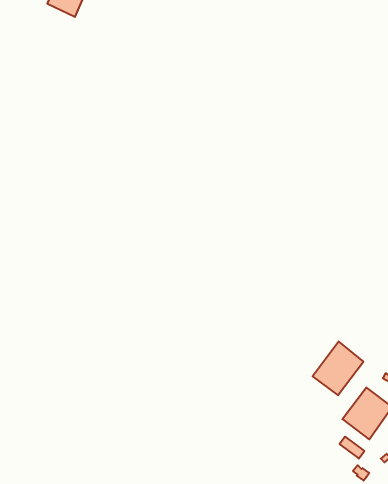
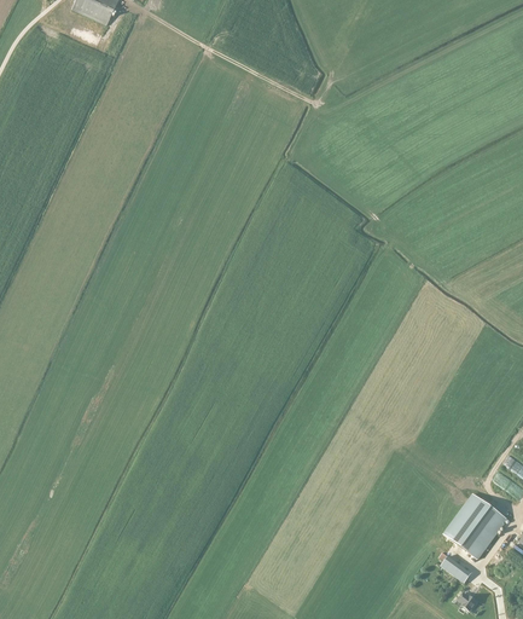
building: [313,341,363,395] -> none

